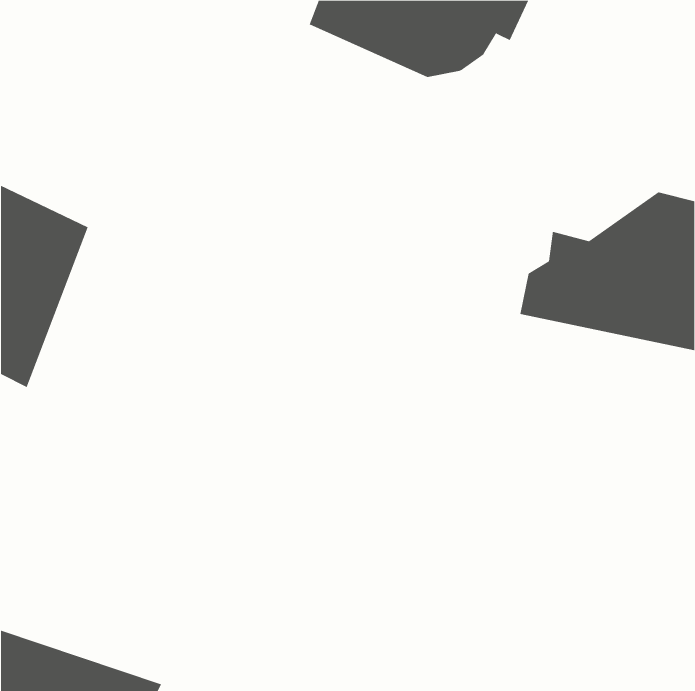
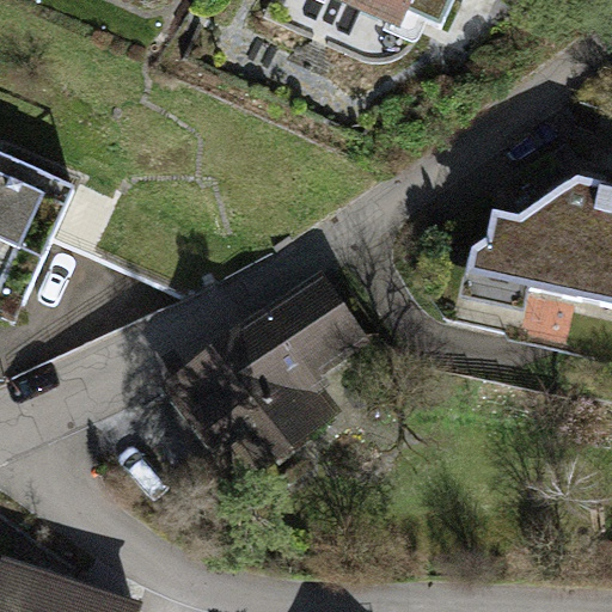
building: none -> [157,271,372,479]

